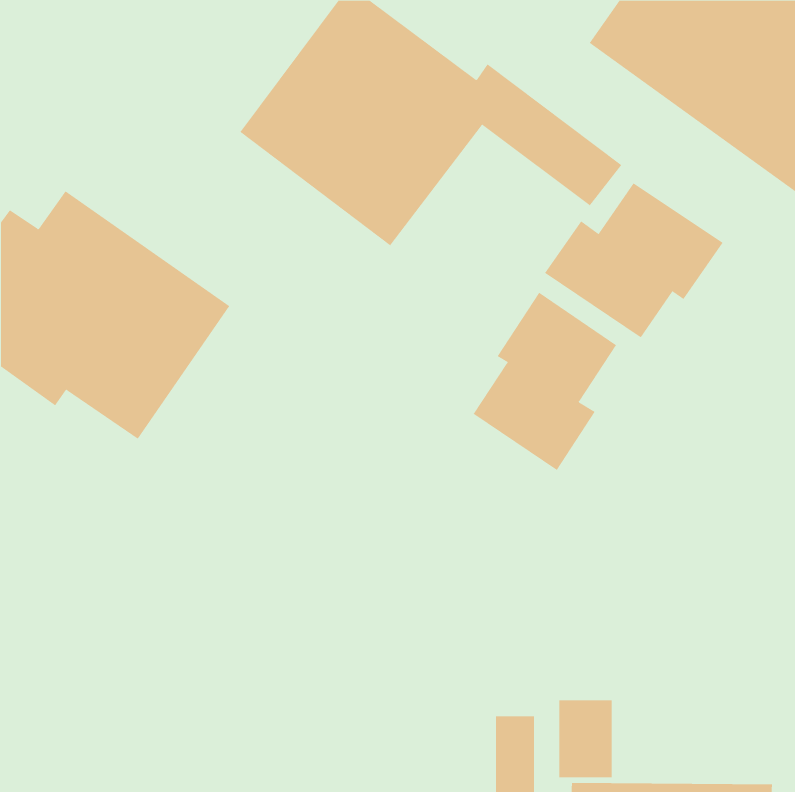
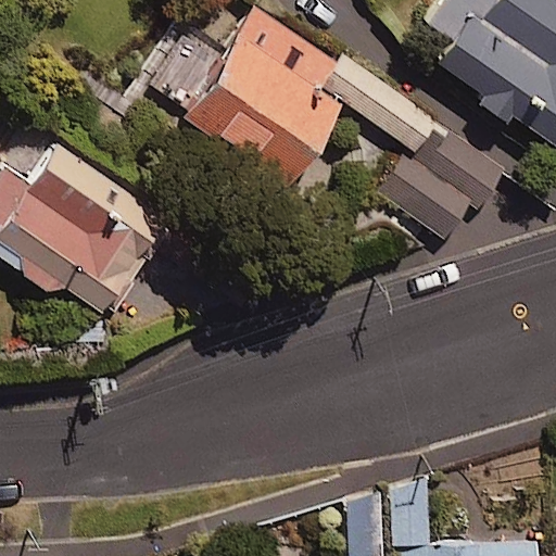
building: [473,292,617,471] -> none

